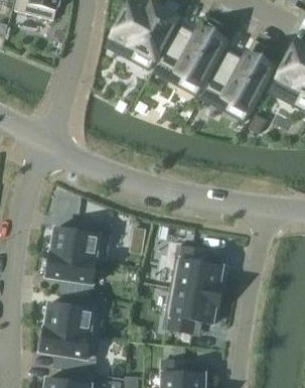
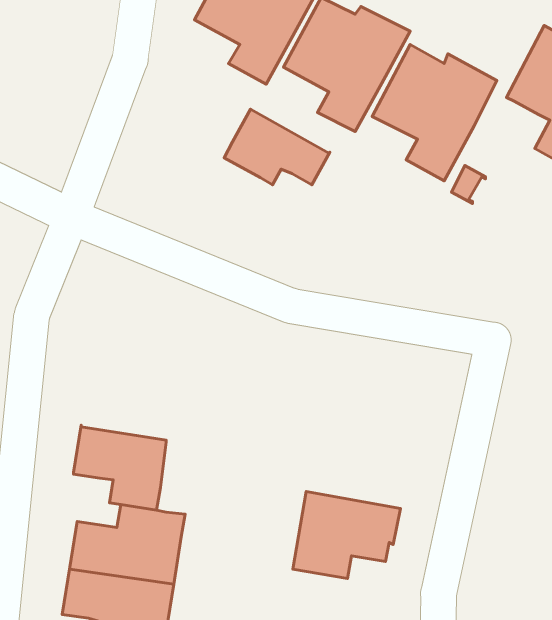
building: none -> [224,109,330,185]
building: [49,219,111,262] -> none
building: [169,245,222,295] -> none

